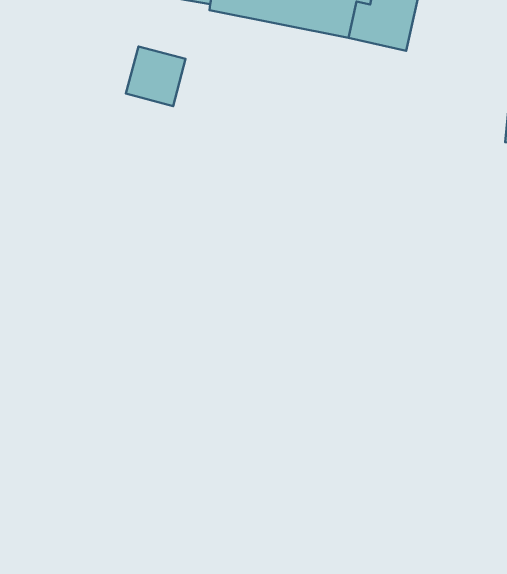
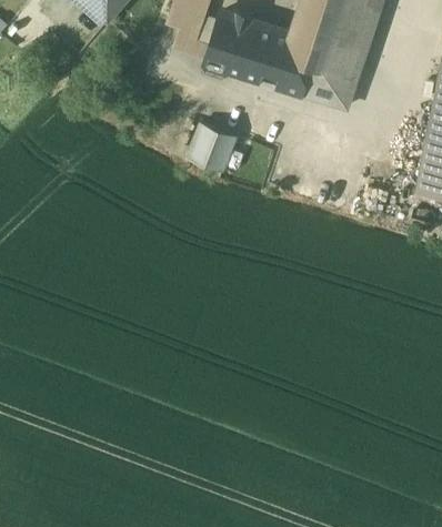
building: [126,46,186,106] -> [190,120,238,168]

